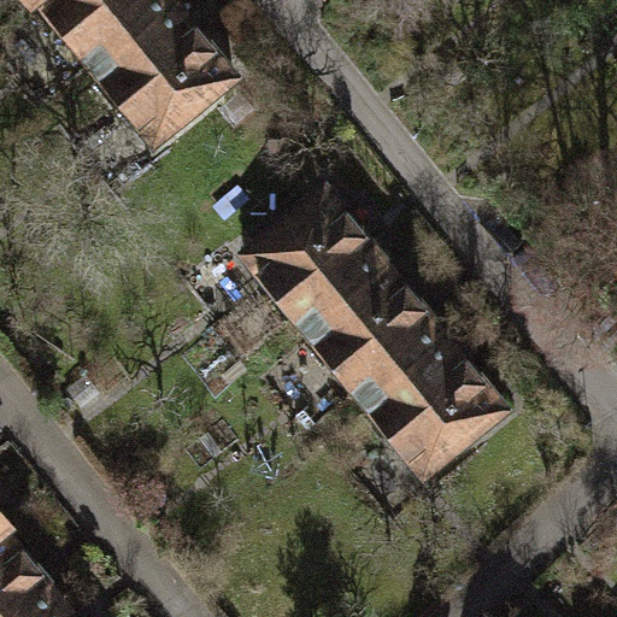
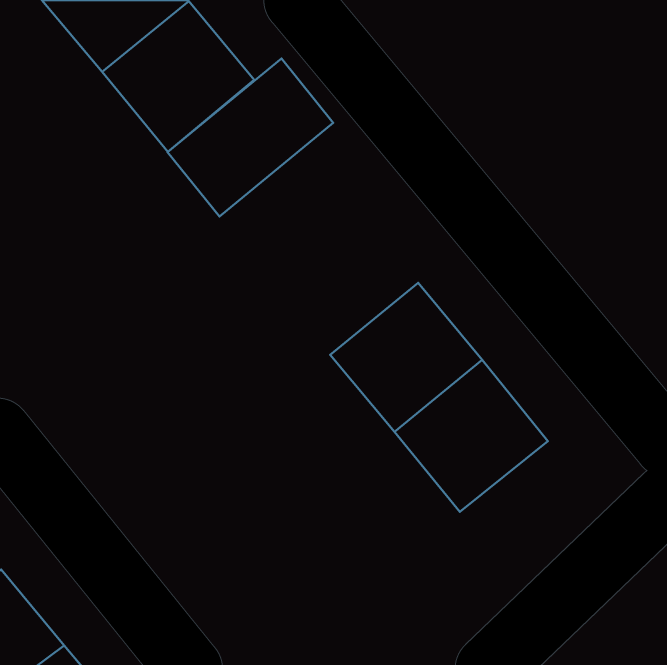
building: none -> [168,59,333,216]
building: [243,189,384,330] -> none

